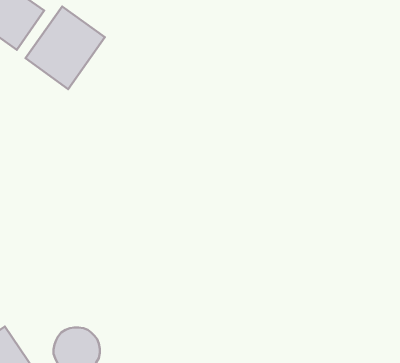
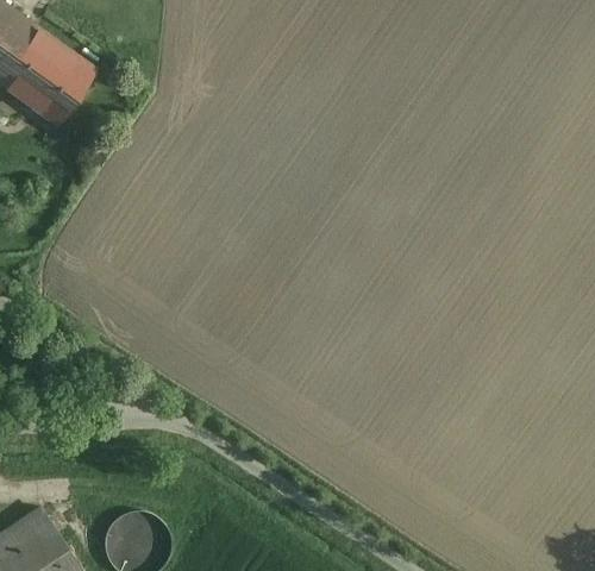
building: [26,7,105,89] -> none

